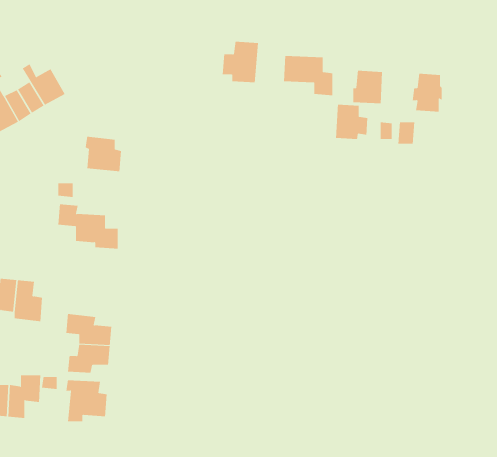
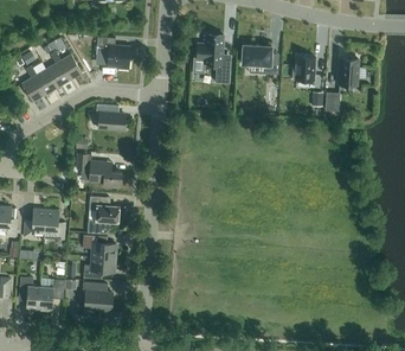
building: none -> [96,36,130,69]
building: [336,104,368,140] -> none
building: none -> [86,196,118,234]

